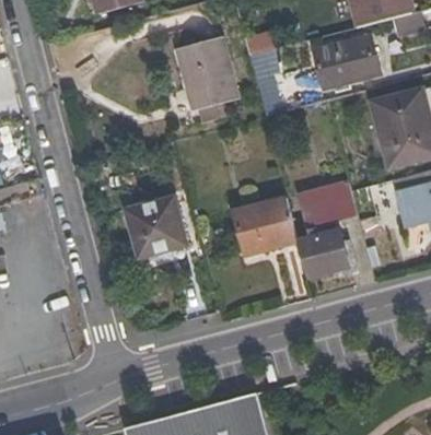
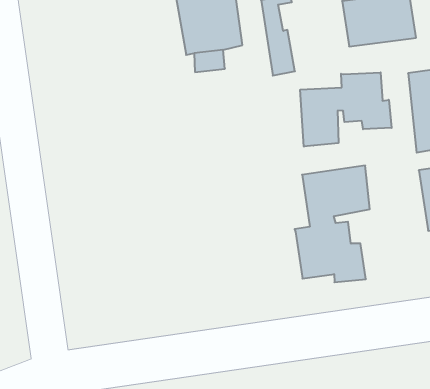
building: none -> [300,72,392,147]
building: [126,197,186,257] -> none
building: [235,198,298,255] -> none

